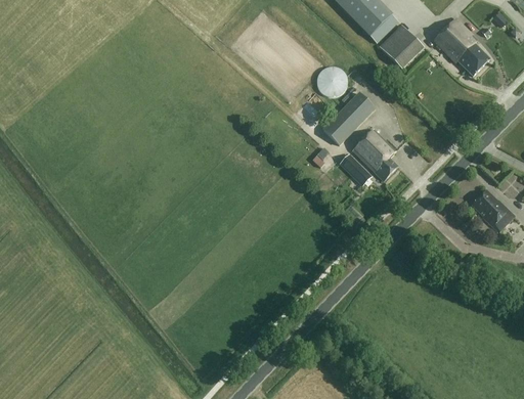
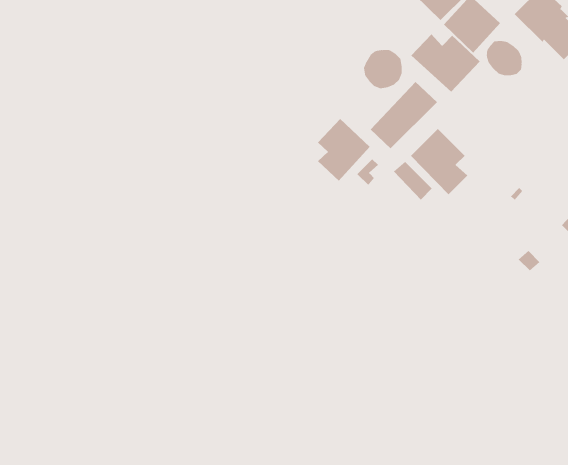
building: none -> [411,33,480,93]
building: none -> [486,40,522,76]
building: none -> [317,118,370,182]

